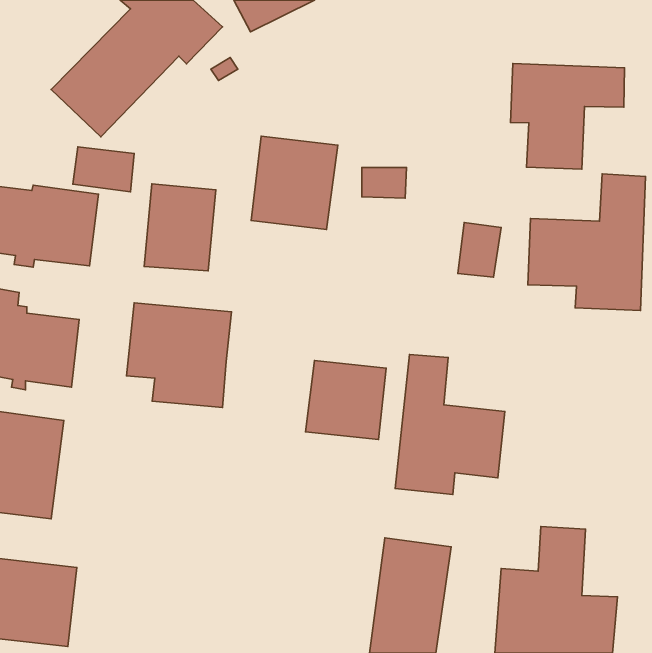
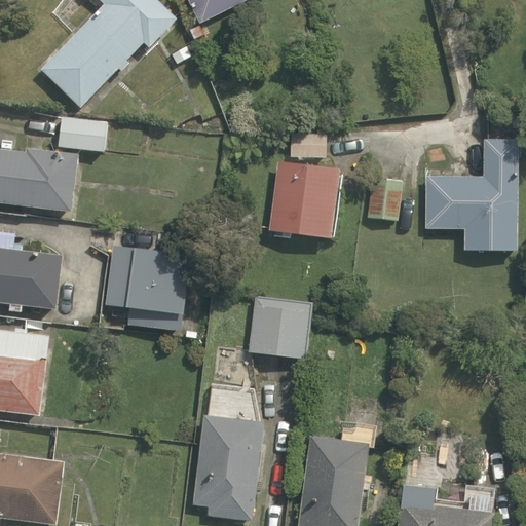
building: [511,63,625,169] -> none
building: [251,136,338,230] -> [269,164,339,239]
building: [144,184,216,271] -> none
building: [395,354,505,495] -> none
building: none -> [194,407,259,518]

